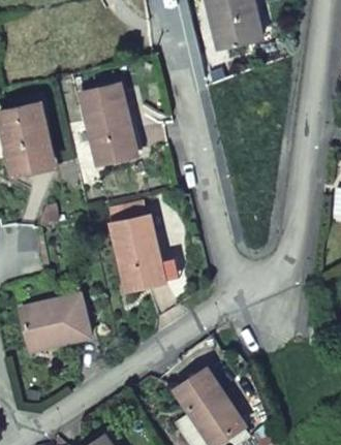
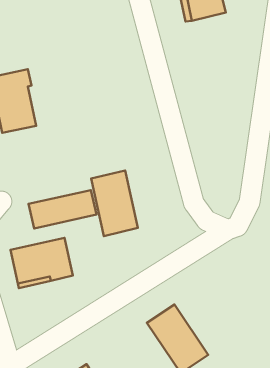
building: [81,85,135,164] -> none
building: none -> [28,190,97,228]

